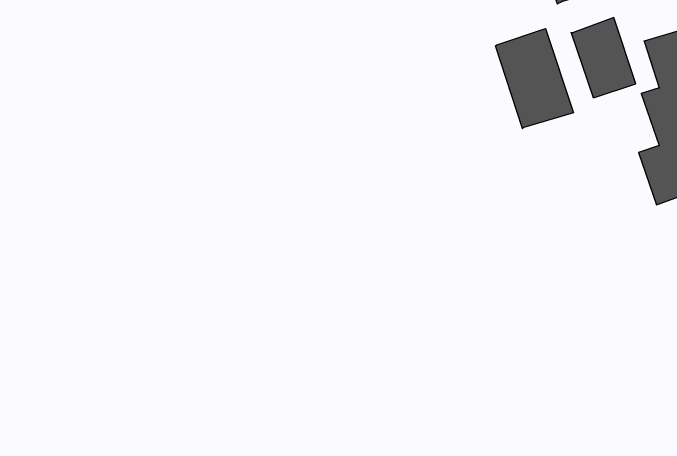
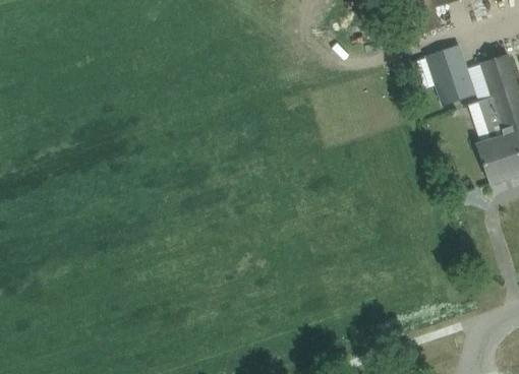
building: [495,29,573,129] -> none

